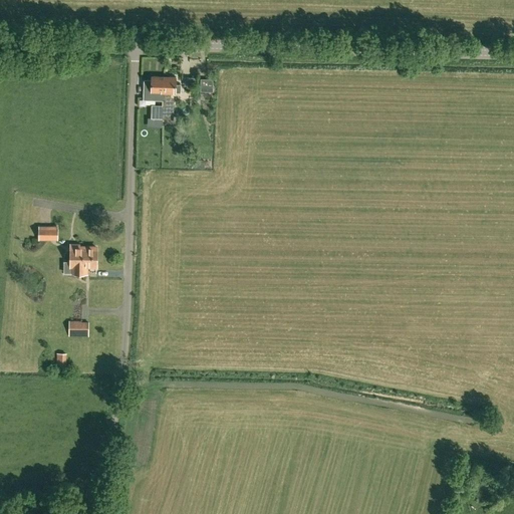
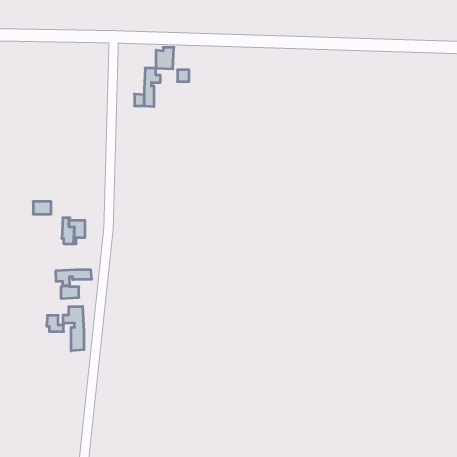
building: [143,77,163,101] -> [156,47,174,69]
building: none -> [56,270,92,286]
building: none -> [63,306,84,351]

